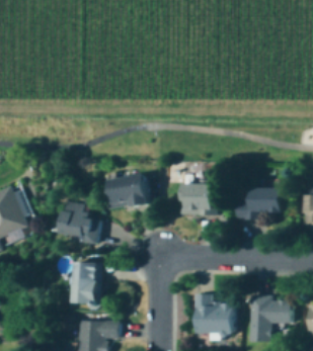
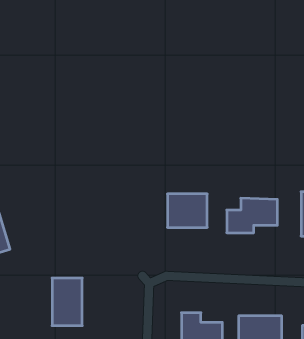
building: [106,173,150,208] -> none
building: [58,201,104,244] -> none

